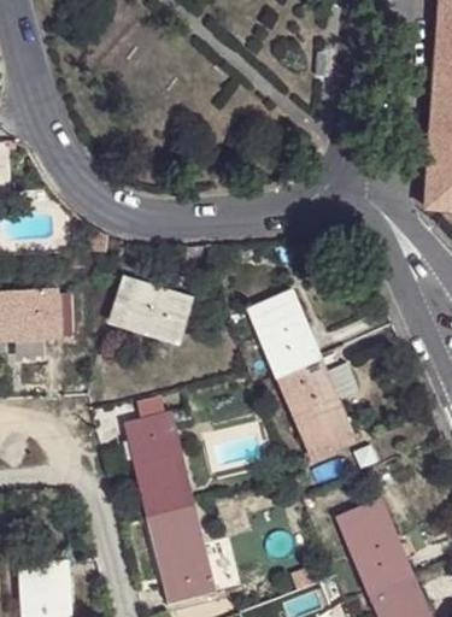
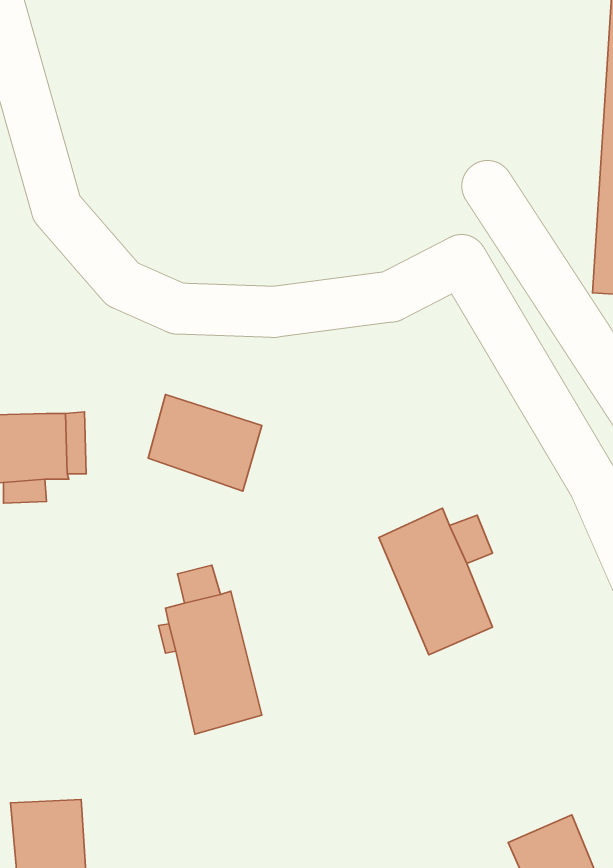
building: [248,294,319,378] -> none
building: [335,501,410,592] -> none
building: [146,503,215,604] -> none

